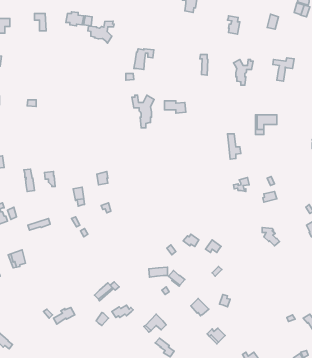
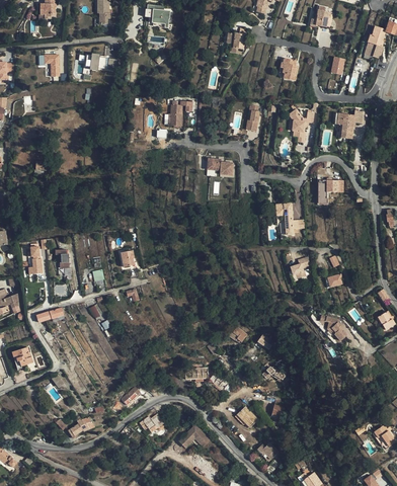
building: [88,21,114,43] -> none
building: [132,95,154,128] -> none

